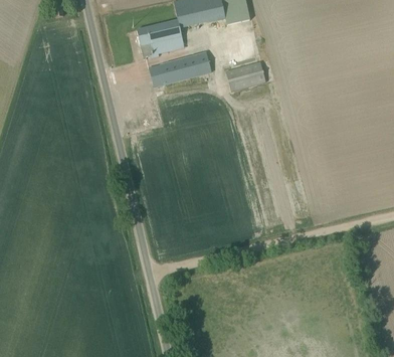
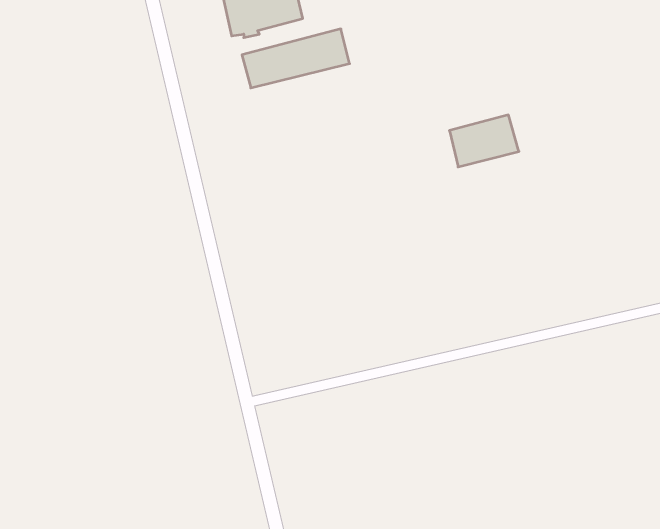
building: [225,60,265,91] -> [449,115,519,167]

